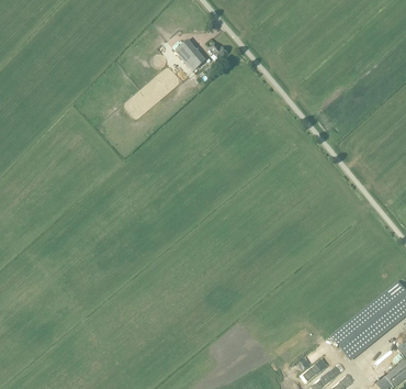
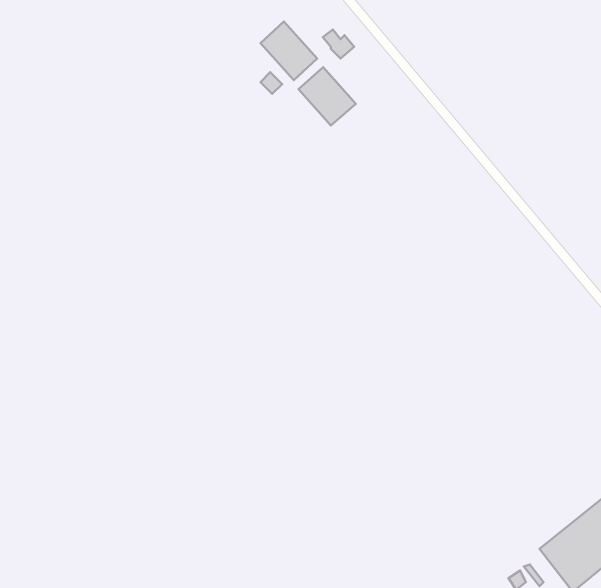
building: none -> [298,67,356,126]

